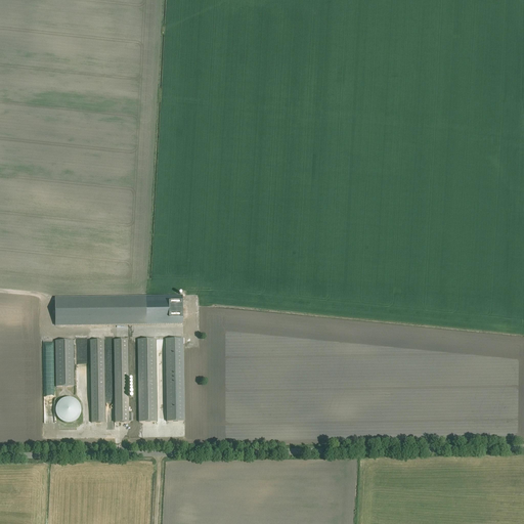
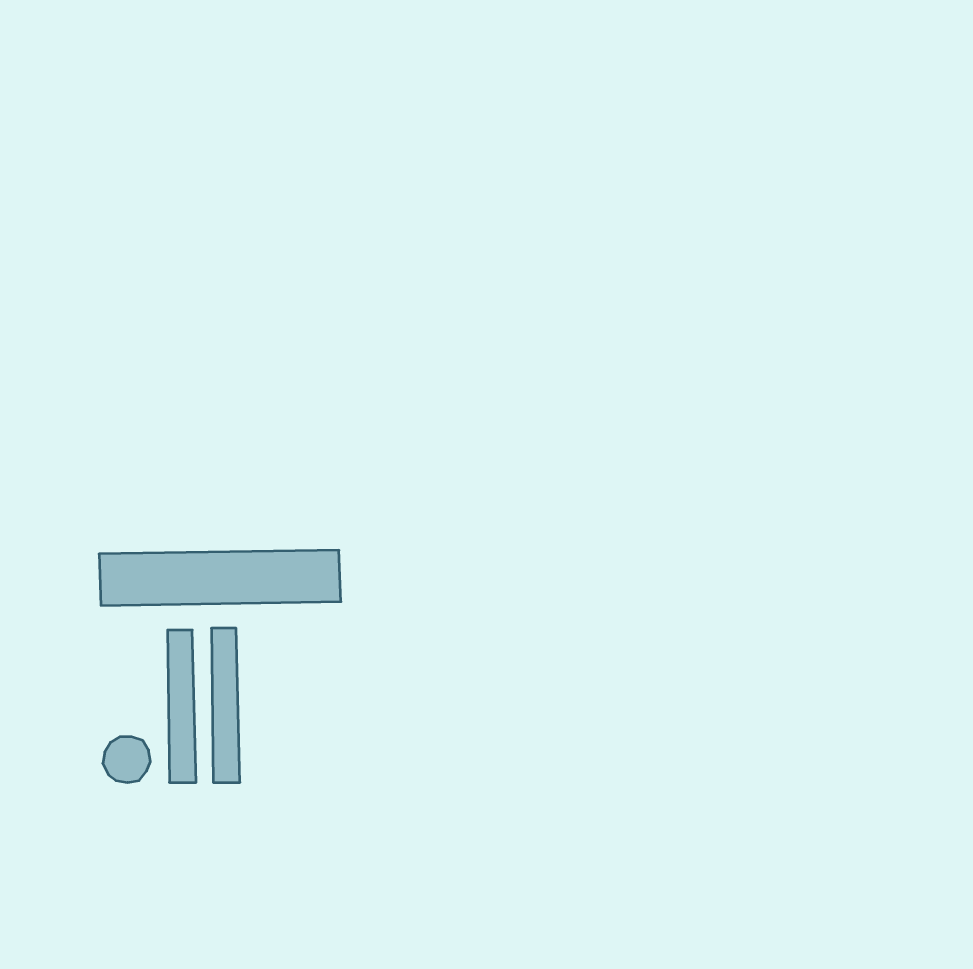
building: [138,338,157,420] -> none
building: [165,338,184,420] -> none
building: [55,339,74,385] -> none

